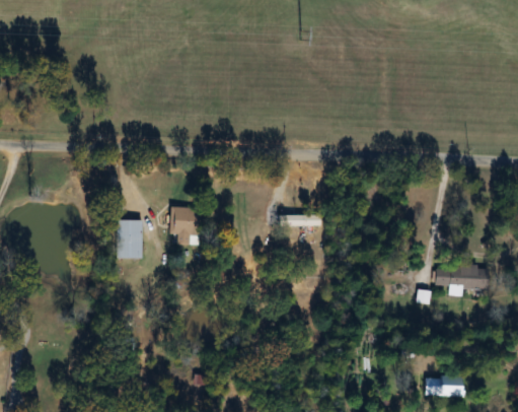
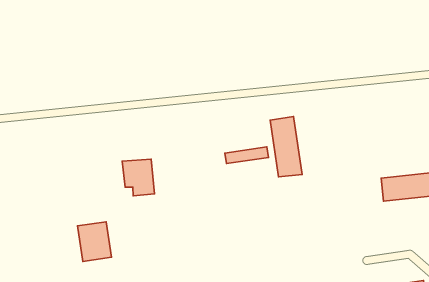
building: none -> [270,117,302,177]
building: [115,220,145,258] -> [78,222,111,261]

